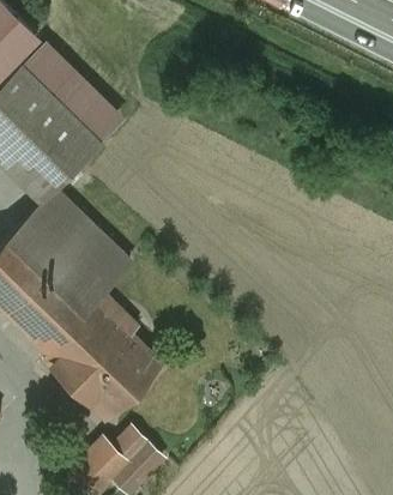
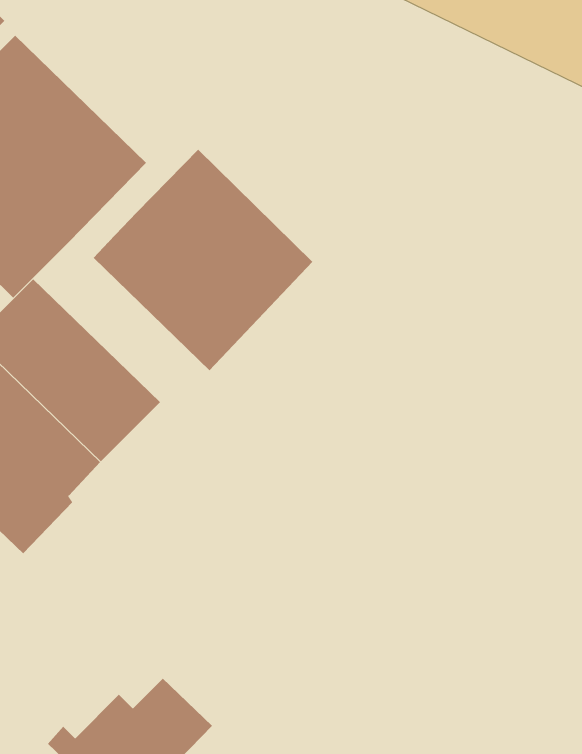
building: none -> [93,149,313,371]
building: [46,301,161,419] -> none

